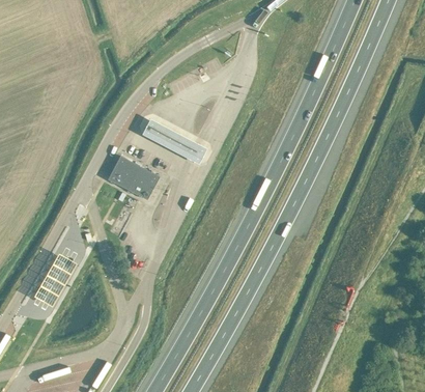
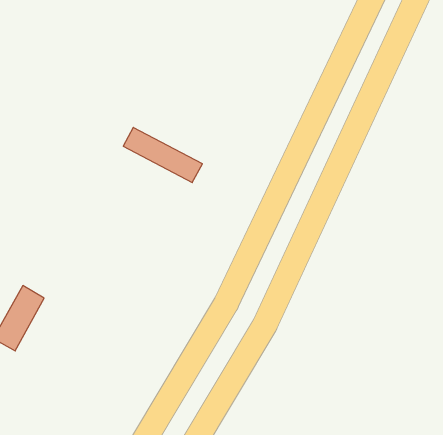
building: [107,156,159,200] -> none

